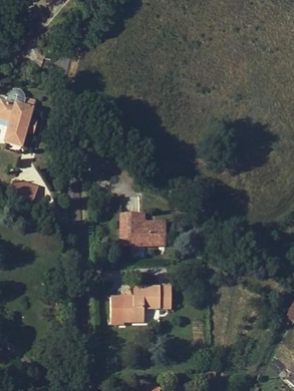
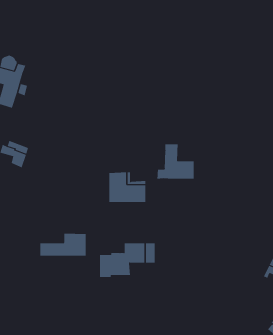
building: none -> [157,143,194,180]
building: none -> [40,233,86,257]

